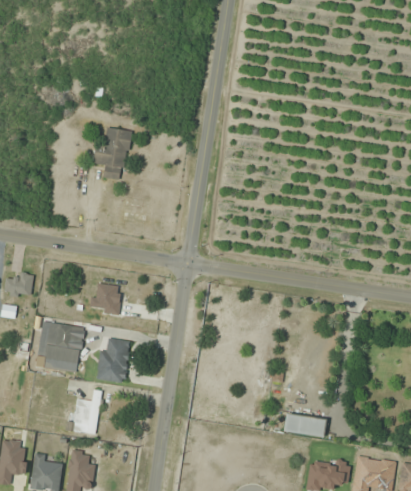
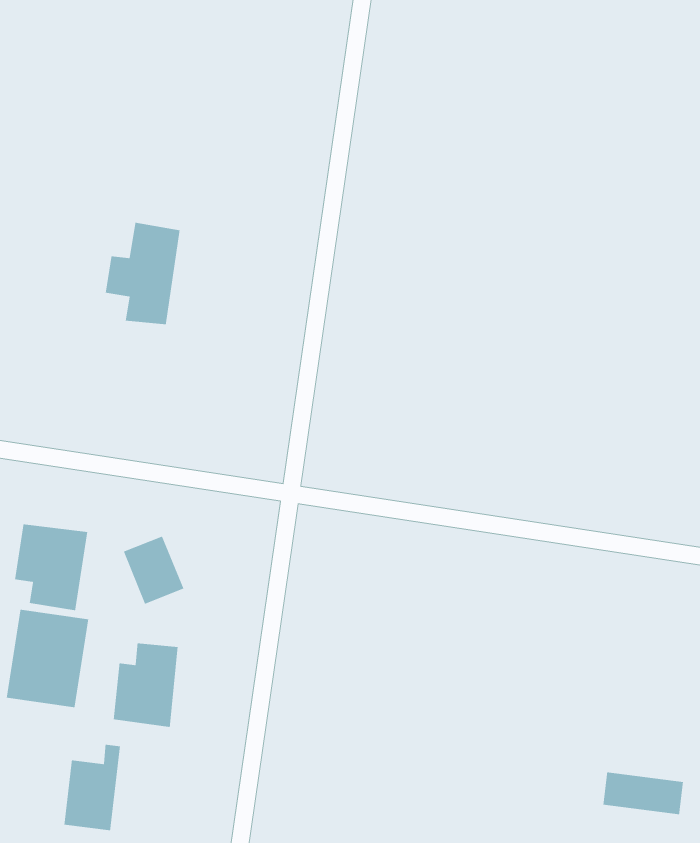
building: none -> [14,524,88,611]
building: [284,414,325,436] -> [602,771,684,815]

